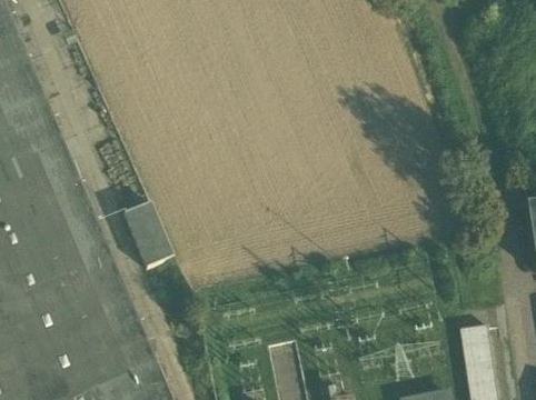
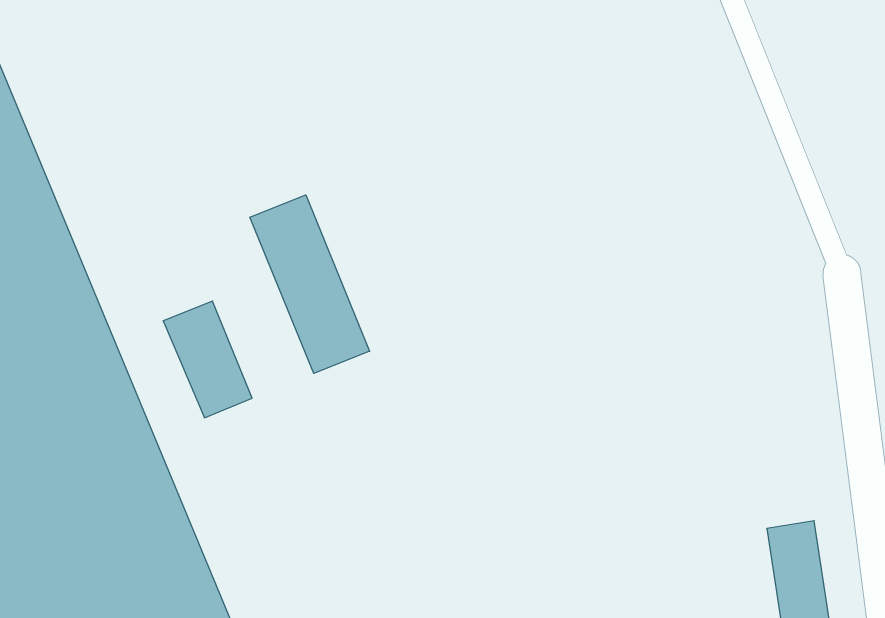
building: none -> [250,195,370,373]

